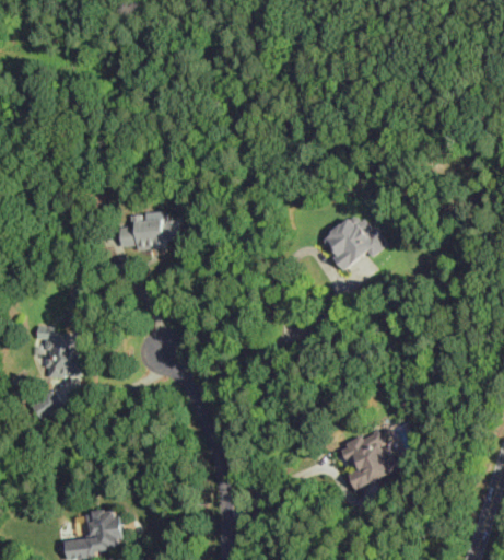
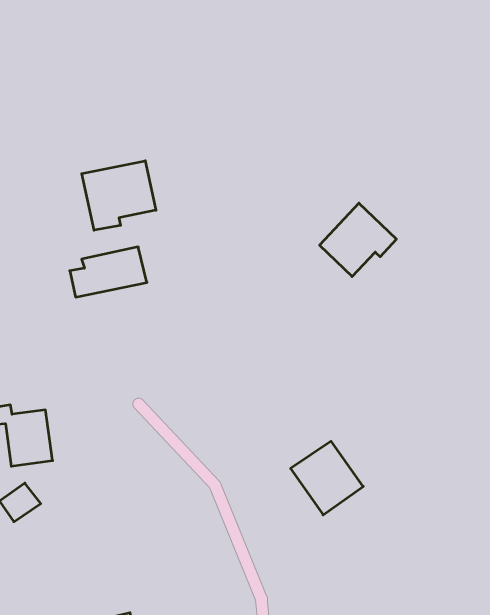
building: none -> [82,161,156,230]
building: [337,429,392,487] -> [291,441,363,515]

